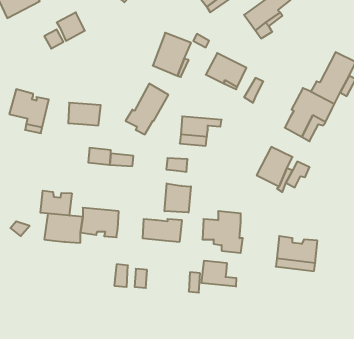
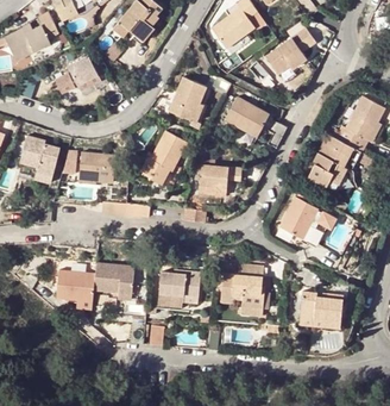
building: [165,183,191,213] -> none
building: [40,191,72,216] -> none
building: [202,261,236,287] -> none

